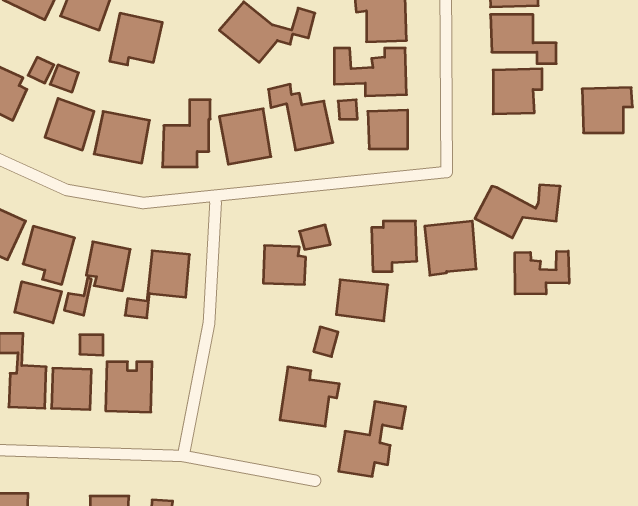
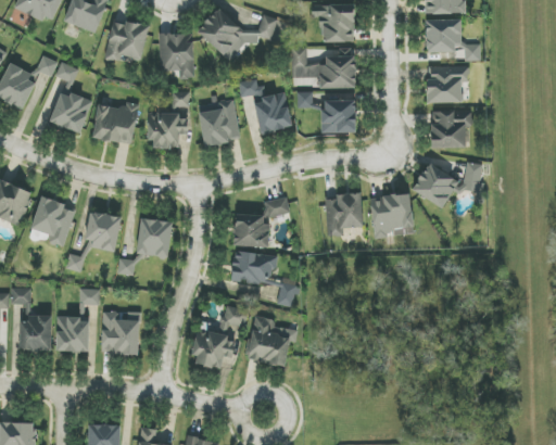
building: none -> [159,33,193,78]
building: [582,88,633,133] -> [430,110,472,148]
building: [515,251,569,294] -> none
building: [336,280,388,321] -> [230,251,274,285]
building: [15,282,62,323] -> none
building: [339,402,406,476] -> [192,305,249,368]

